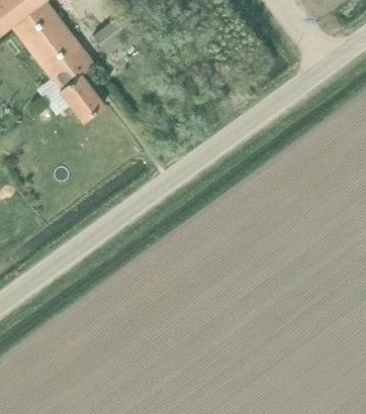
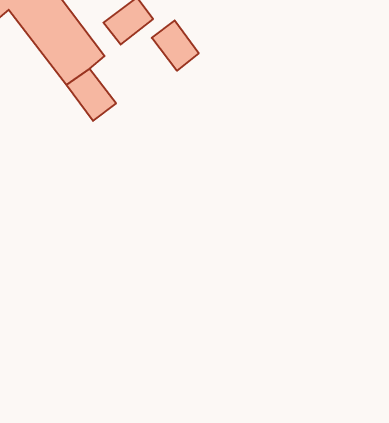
building: none -> [152,20,199,71]

